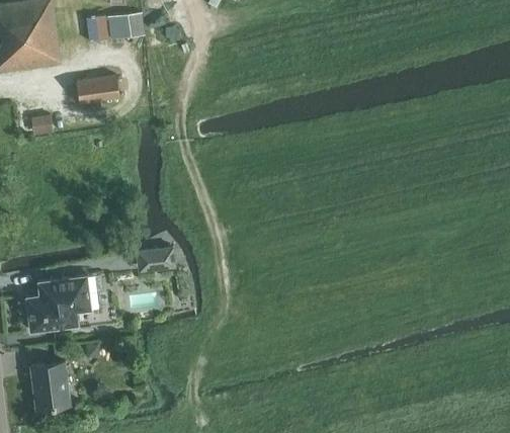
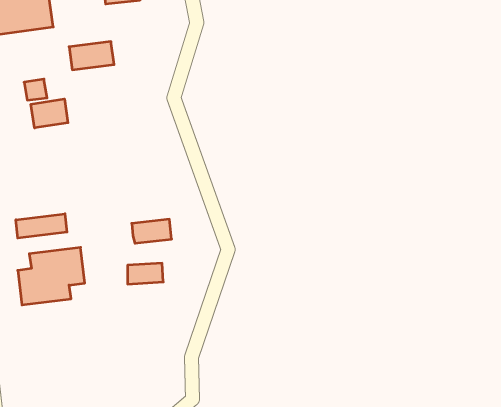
building: none -> [31,99,68,128]
building: none -> [16,214,67,238]
building: [30,363,70,411] -> none

